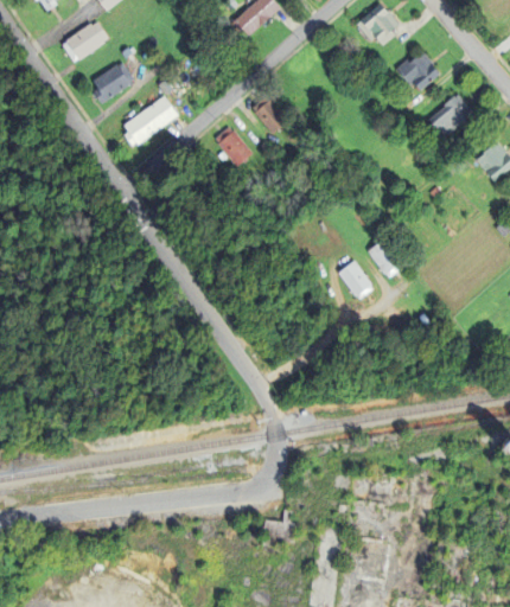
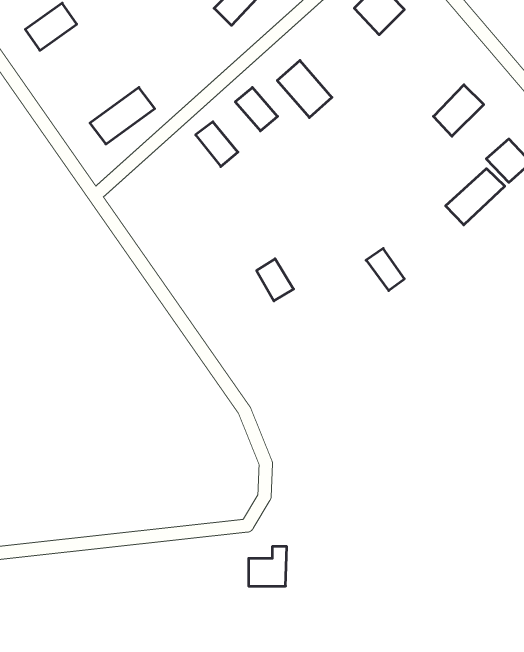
building: [396,50,440,94] -> none
building: [89,62,135,103] -> none
building: none -> [277,60,332,118]
building: none -> [446,169,505,225]
building: [339,261,372,299] -> [257,259,294,301]

